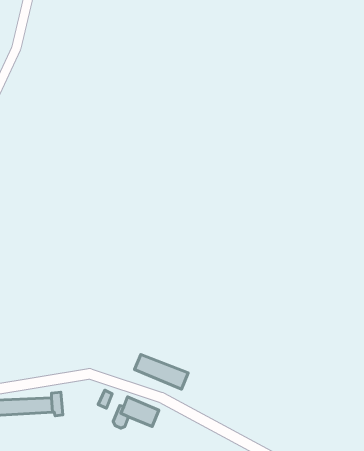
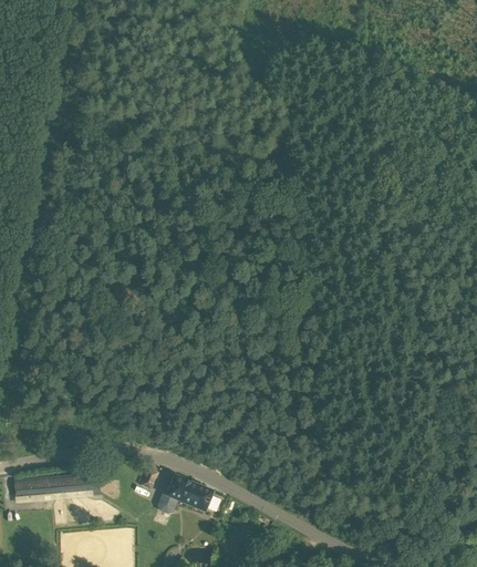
building: [134,354,188,389] -> none

